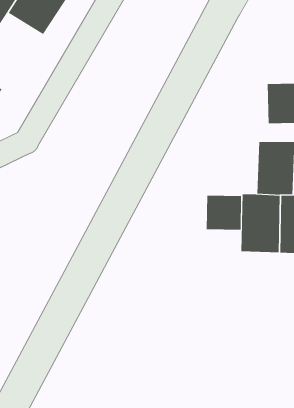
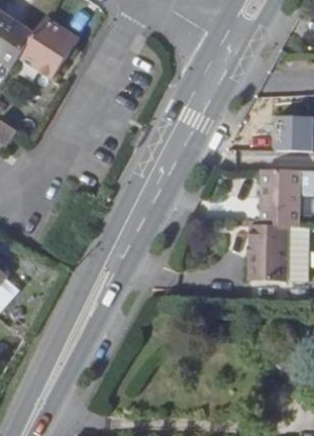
building: [206,195,242,230] -> none

